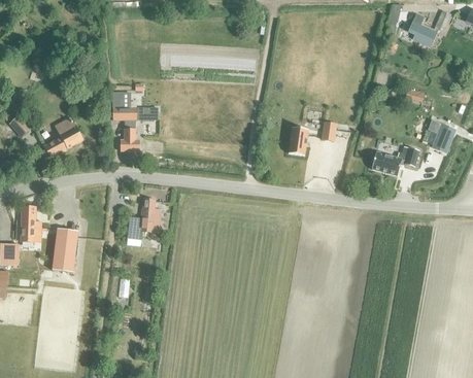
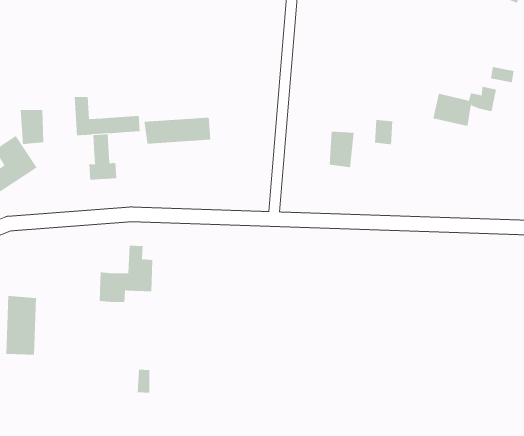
building: none -> [20,109,44,145]
building: none -> [144,117,211,144]
building: [370,147,416,175] -> [433,86,497,127]

